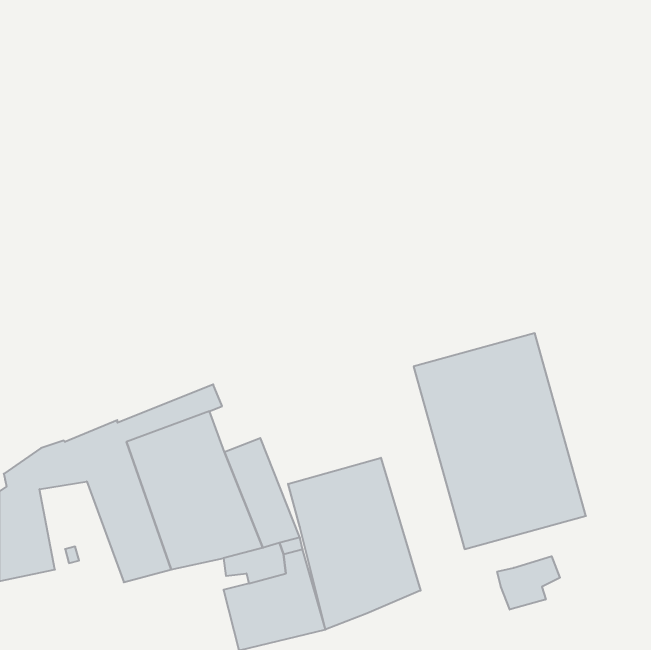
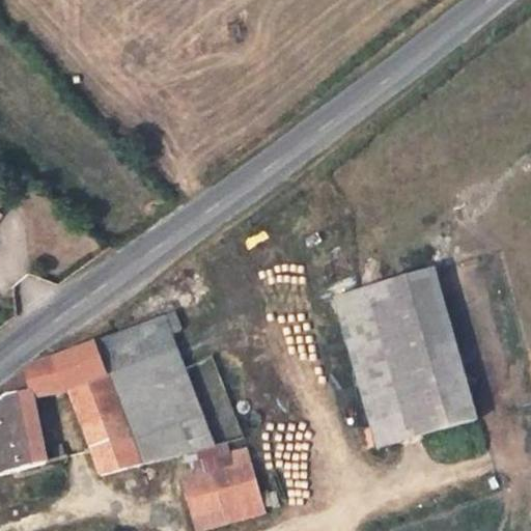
building: [288,458,421,629] -> none
building: [497,556,560,610] -> none

